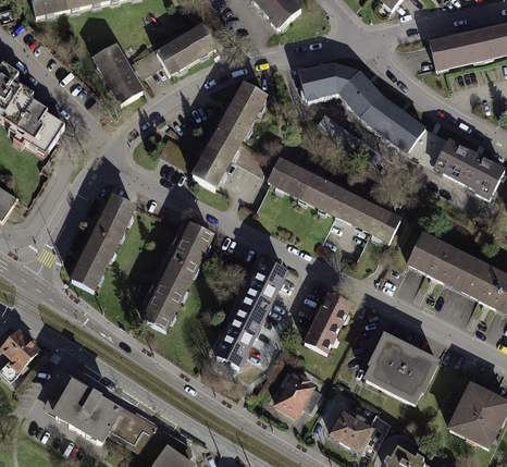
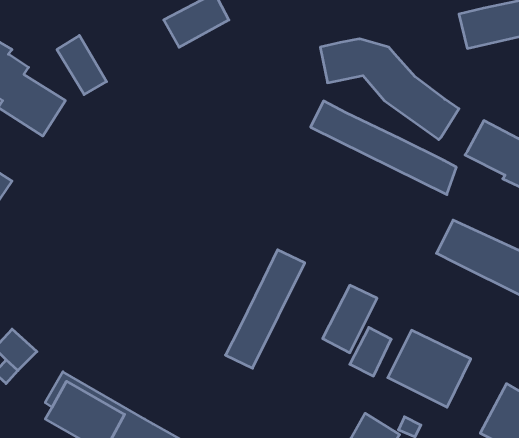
building: [96,48,141,102] -> [57,35,107,95]
building: [185,79,267,189] -> none
building: [411,128,450,168] -> none
building: [265,156,399,242] -> [311,101,456,195]
building: [69,192,134,288] -> none
building: [140,220,212,330] -> none
building: [274,372,312,417] -> [350,327,391,376]

